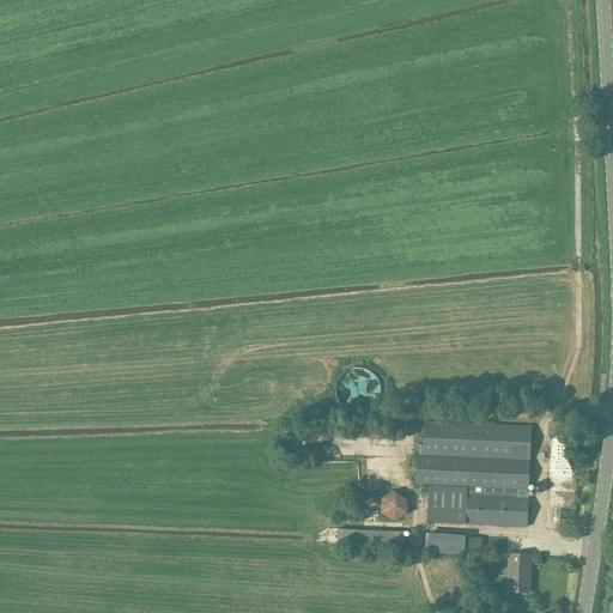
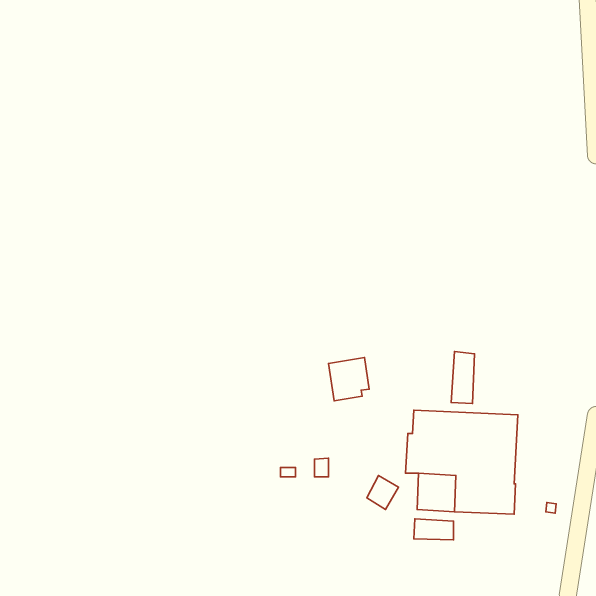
building: none -> [451,351,475,403]
building: [498,553,529,593] -> none

